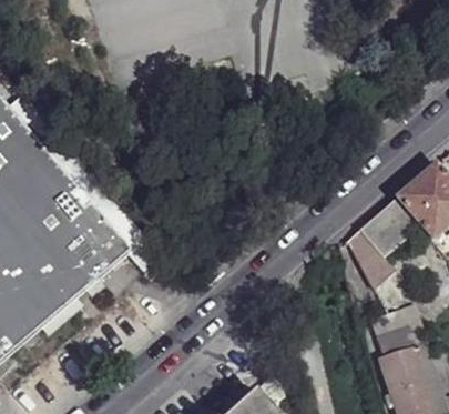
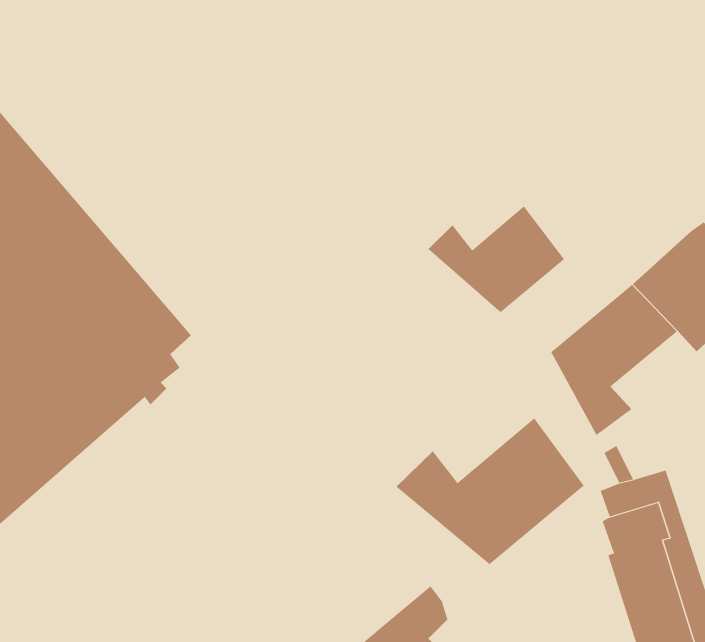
building: none -> [427,205,565,313]
building: none -> [395,417,585,565]

